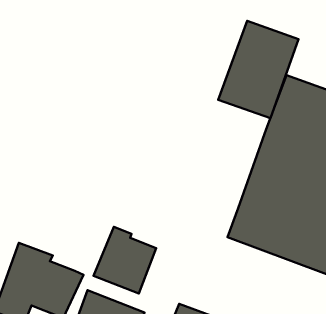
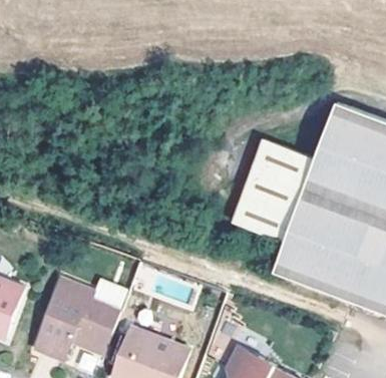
building: [218,21,298,118] -> [232,139,315,241]
building: [94,227,156,293] -> none

